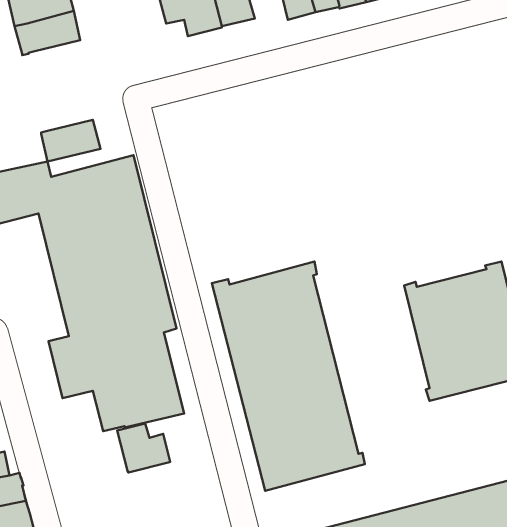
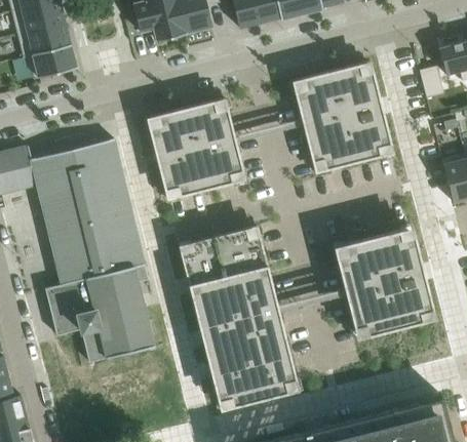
building: none -> [288,62,394,176]
building: none -> [147,97,246,203]
building: [41,120,101,162] -> [29,45,77,79]
building: [117,424,170,472] -> none

